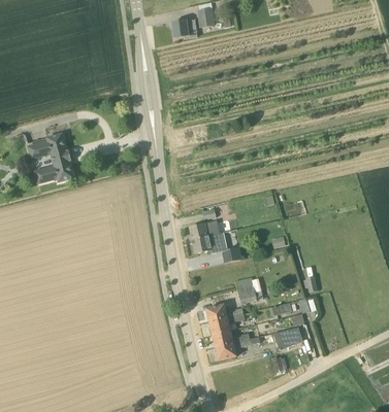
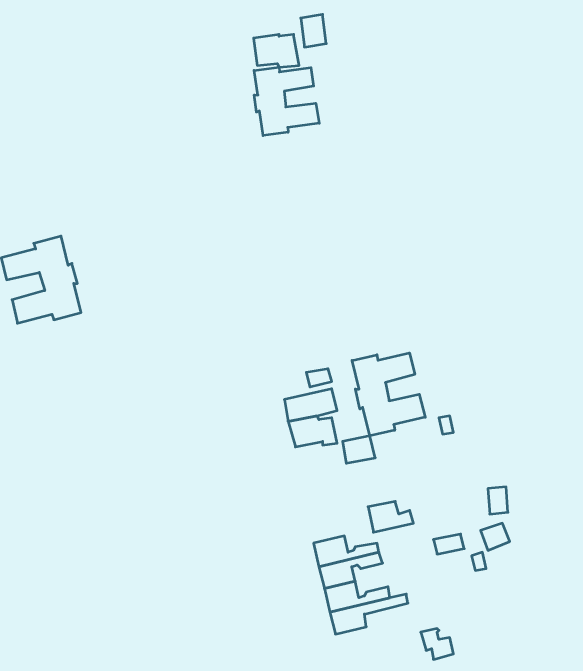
building: none -> [254,67,319,136]
building: none -> [352,353,425,436]
building: [272,327,302,350] -> none

